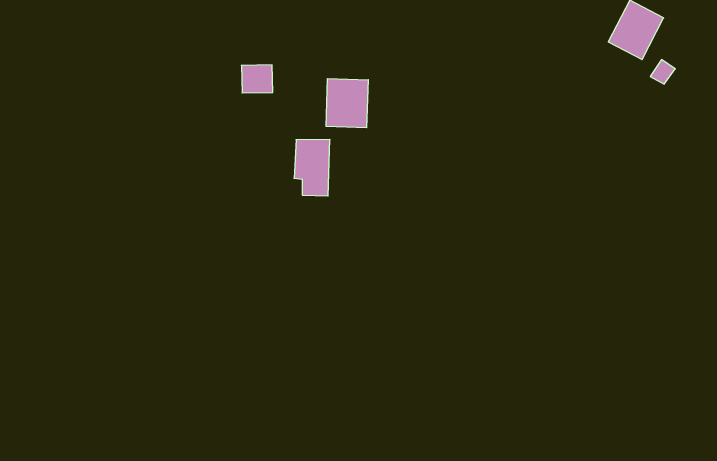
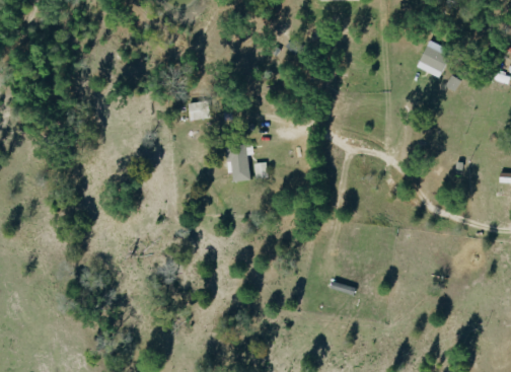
building: [326,79,368,128] -> none

